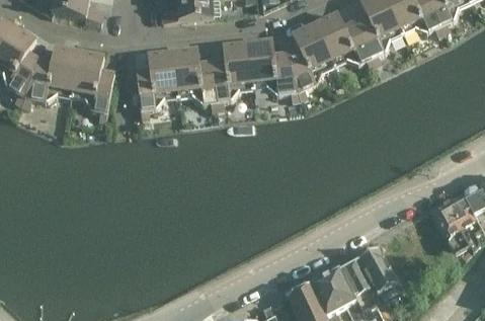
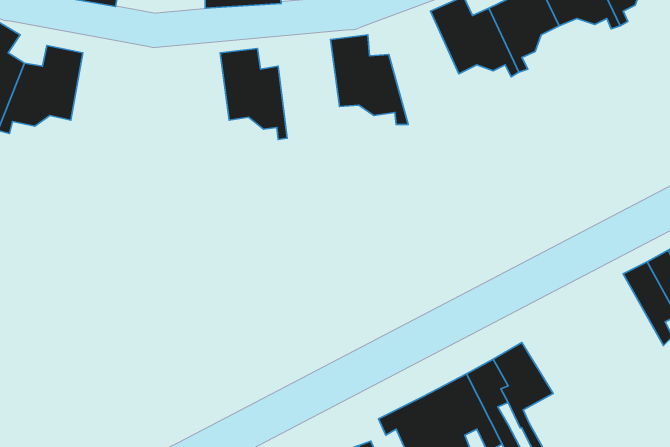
building: [288,21,335,98] -> none
building: [213,41,254,107] -> none
building: [72,50,115,118] -> none
building: [137,50,179,116] -> none
building: [431,199,474,257] -> none

